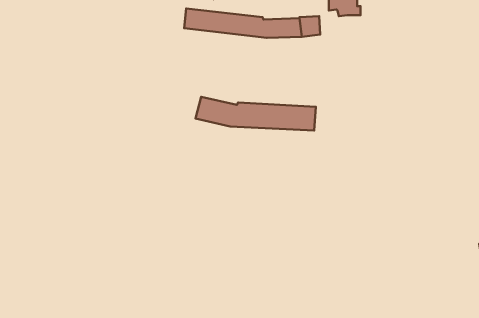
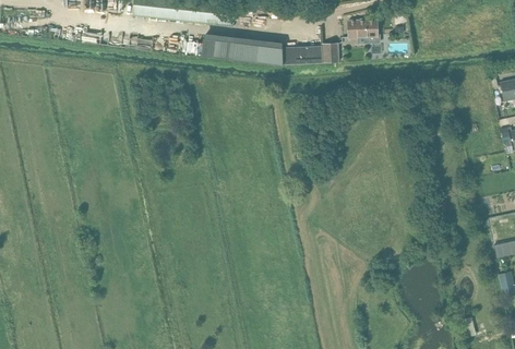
building: [196,97,316,131] -> none

